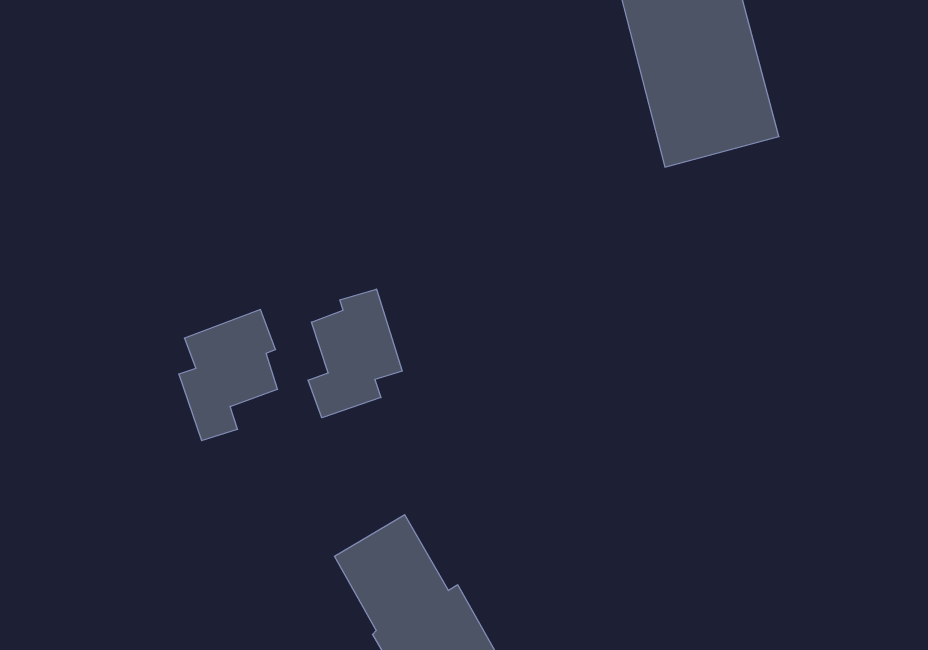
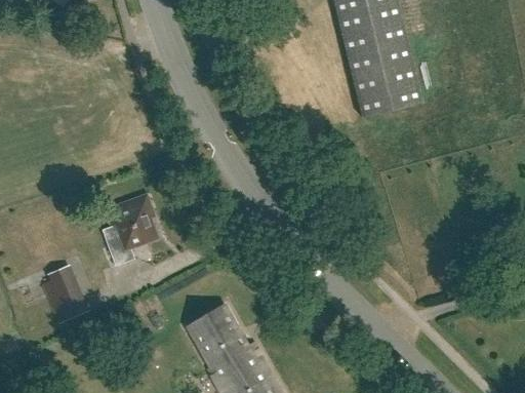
building: [308,289,402,418] -> none
building: none -> [46,266,87,320]

